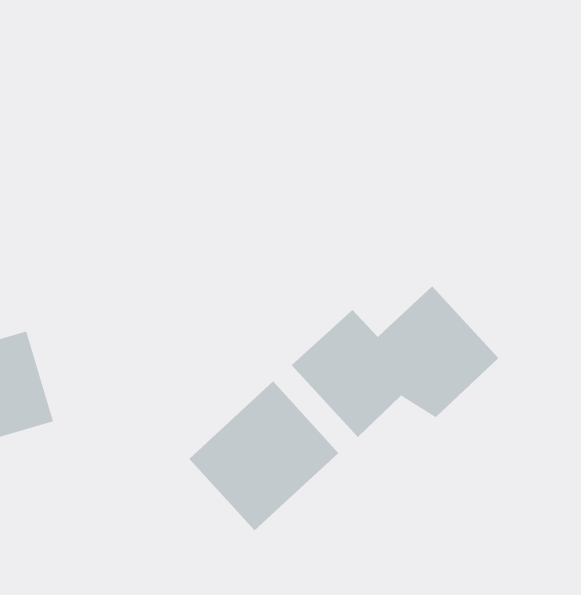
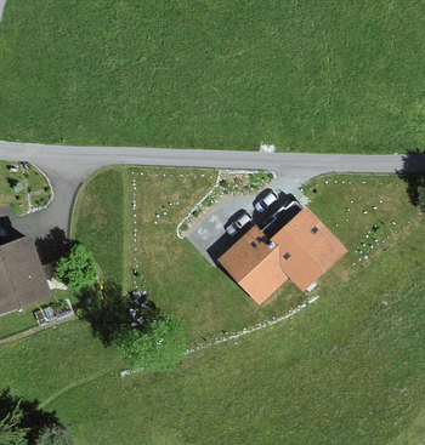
building: [189,381,339,531] -> none

